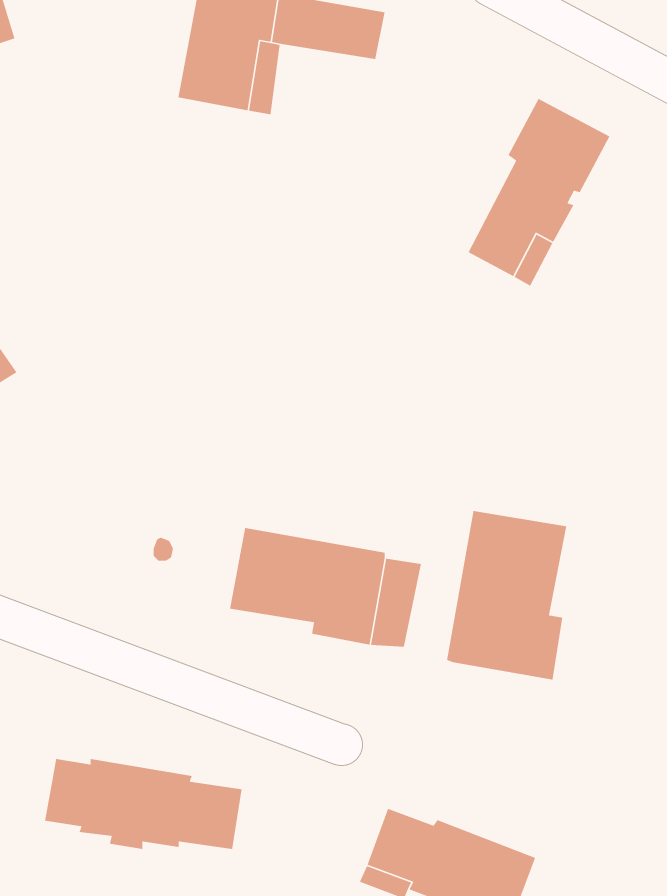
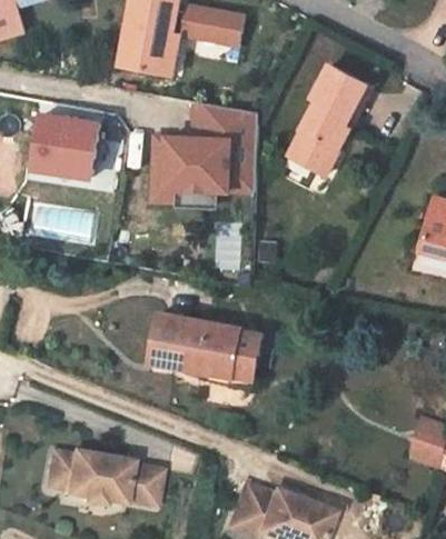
building: none -> [152,100,256,203]
building: none -> [34,118,97,176]
building: [446,510,567,681] -> none

